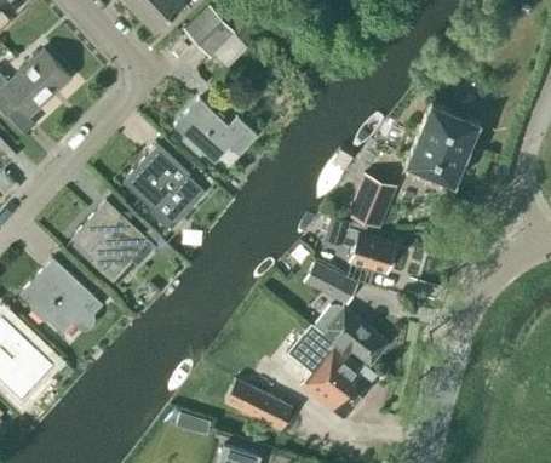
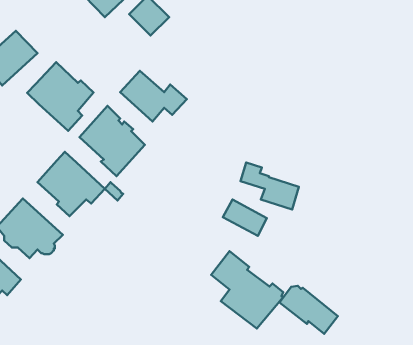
building: none -> [27,62,94,131]
building: [406,102,480,183] -> none
building: [346,172,397,227] -> none
building: [315,305,388,365] -> [279,286,338,334]
building: [207,370,292,429] -> none

